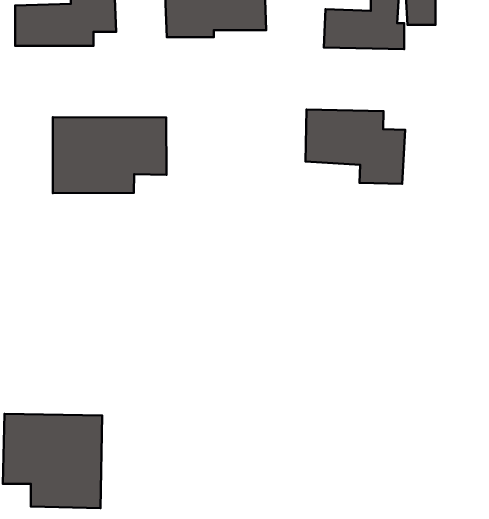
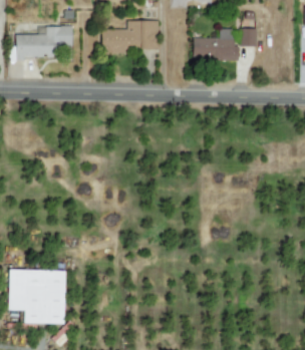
building: [305,110,405,184] -> none
building: [53,117,167,193] -> none

